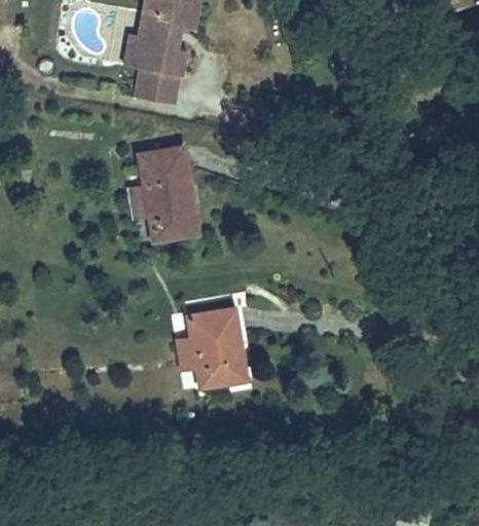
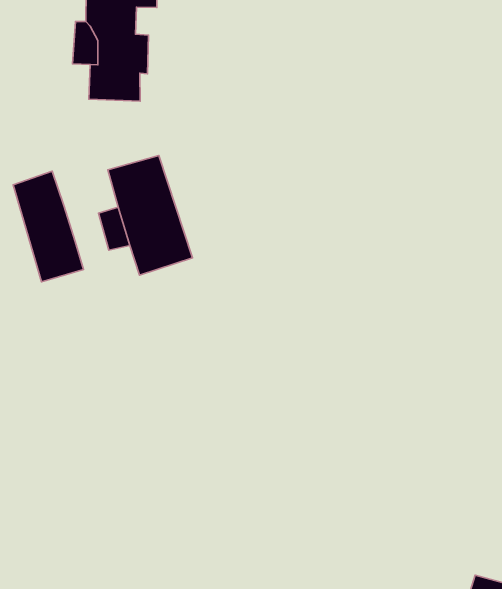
building: none -> [13,171,83,282]
building: [190,312,246,389] -> none

